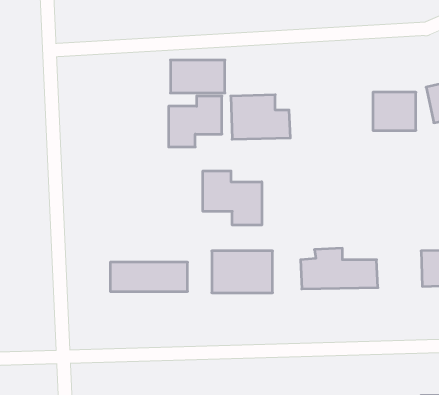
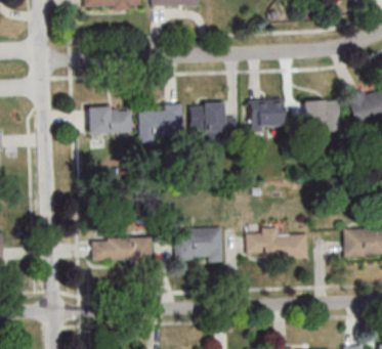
building: [170,60,225,93] -> [88,107,132,134]
building: none -> [249,99,284,132]
building: [203,171,262,225] -> none

